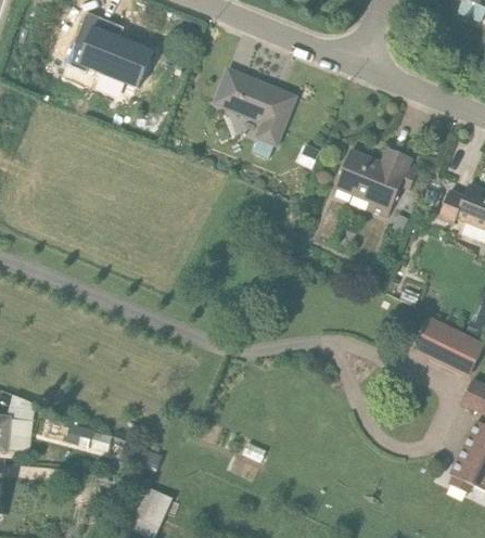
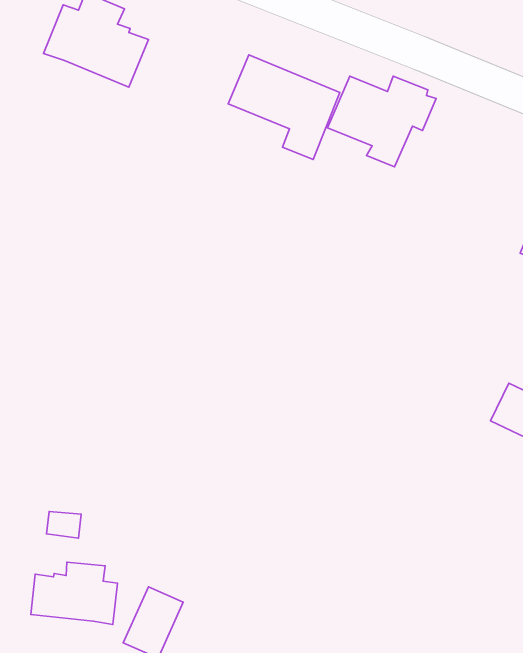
building: [334,148,419,218] -> [327,76,436,167]
building: none -> [31,562,118,625]

